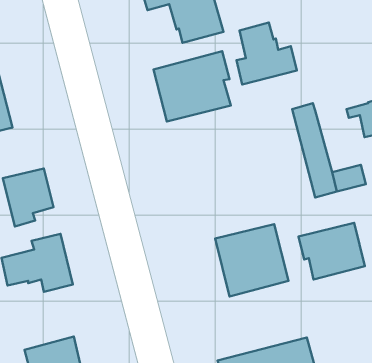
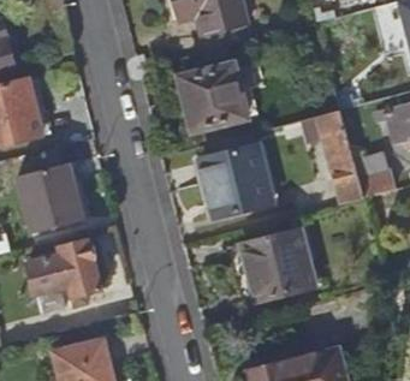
building: [236,22,297,84] -> none
building: none -> [202,145,275,219]
building: [298,223,365,279] -> none

